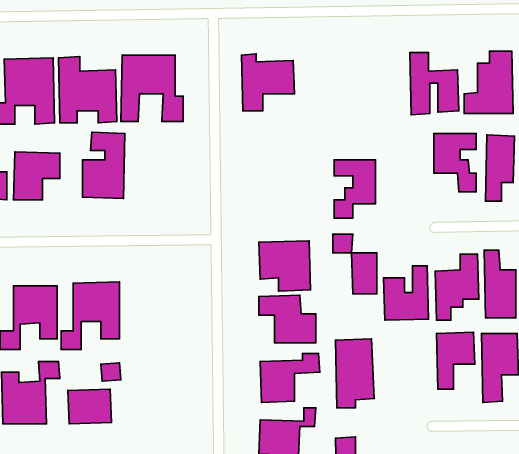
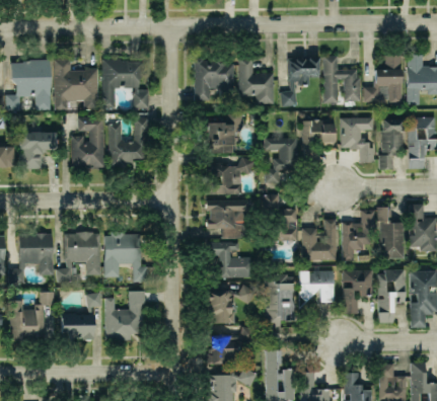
building: none -> [280,57,318,106]
building: none -> [238,58,274,103]
building: none -> [207,113,240,153]
building: none -> [108,117,148,162]
building: none -> [302,121,334,144]
building: none -> [206,158,252,194]
building: none -> [104,232,147,282]
building: none -> [299,270,334,304]
building: none -> [105,291,144,340]

